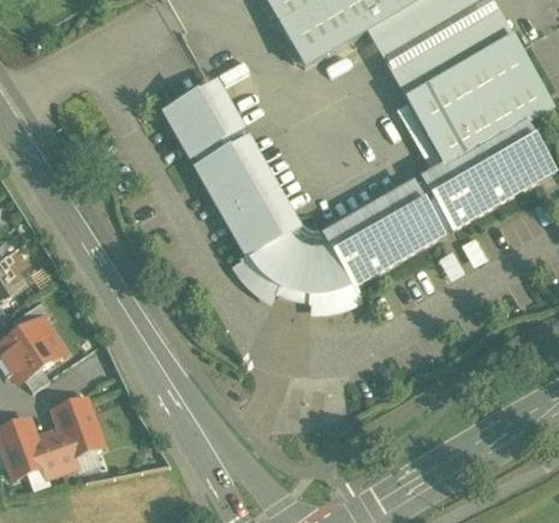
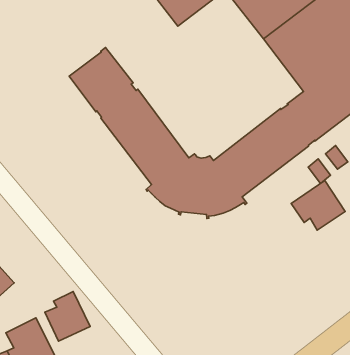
building: none -> [291,181,345,230]
building: none -> [45,292,90,341]

